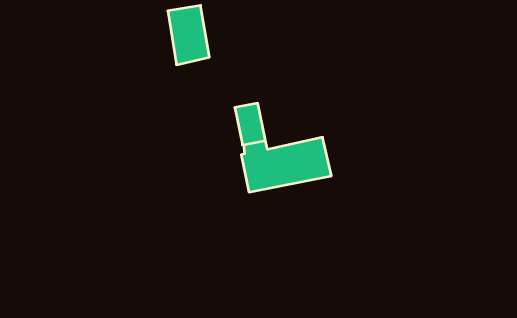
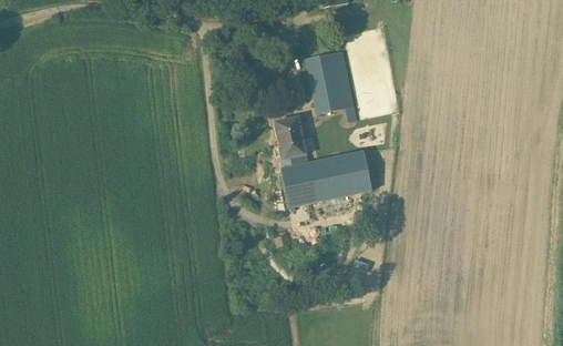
building: [168,5,209,65] -> [306,51,348,111]

